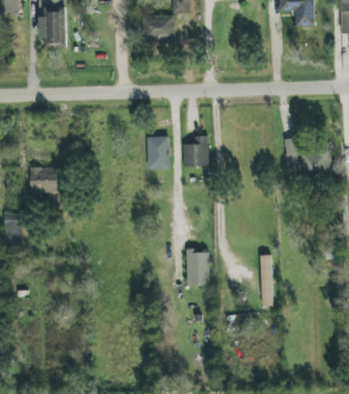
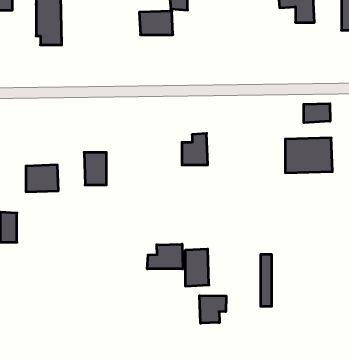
building: none -> [304,104,330,123]
building: [147,136,169,168] -> [84,152,106,185]
building: none -> [147,244,183,269]
building: none -> [200,296,226,323]

